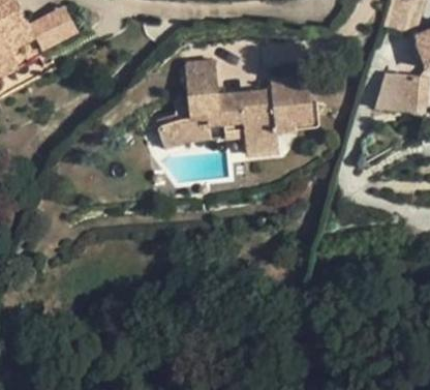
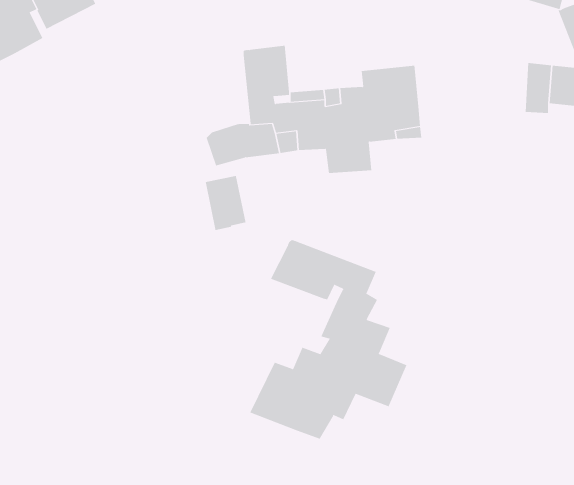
building: none -> [205,175,246,231]
building: none -> [249,239,407,439]

